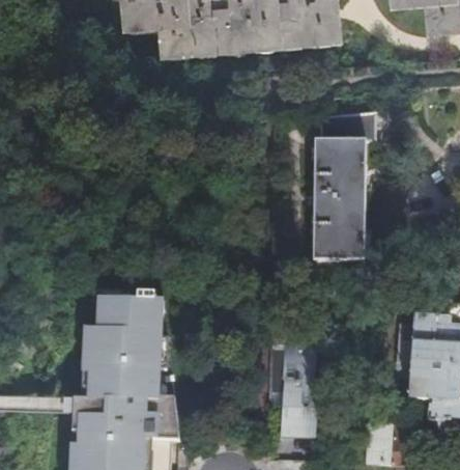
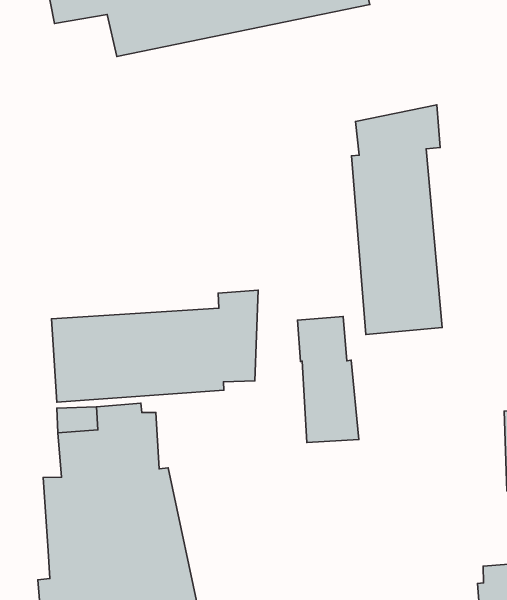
building: none -> [52,290,258,402]
building: [279,350,315,435] -> [297,317,359,442]

